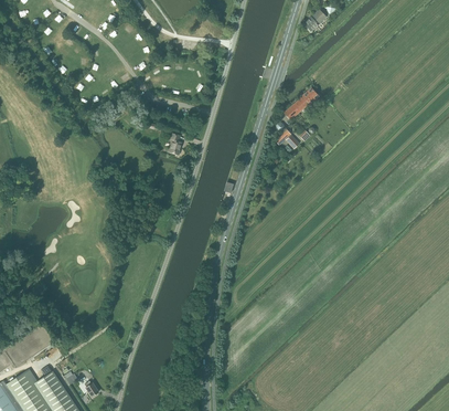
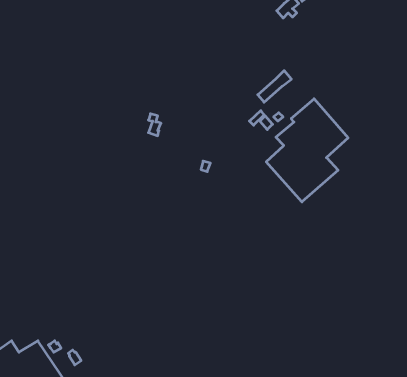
building: none -> [266,99,348,202]

